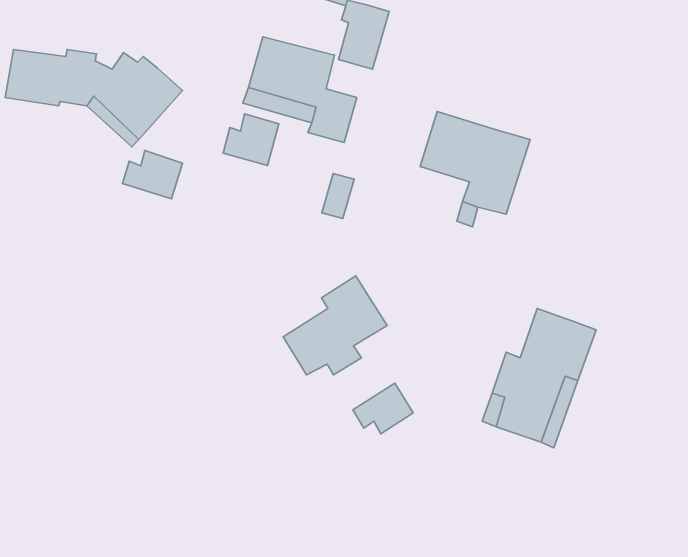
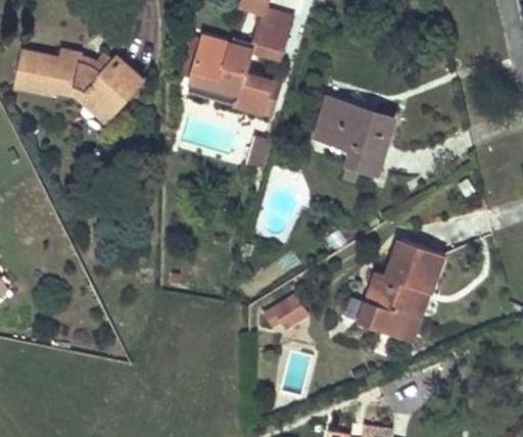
building: [223,114,279,165] -> none
building: [123,151,182,199] -> none
building: [283,276,387,375] -> none

